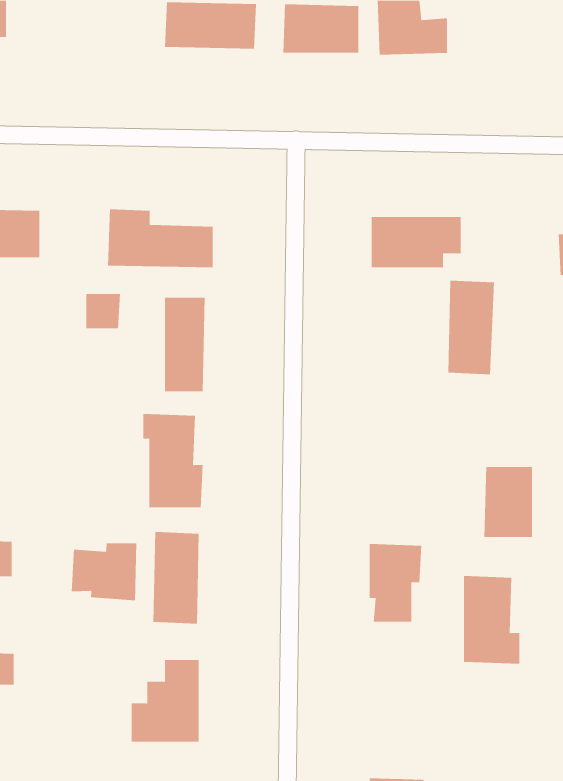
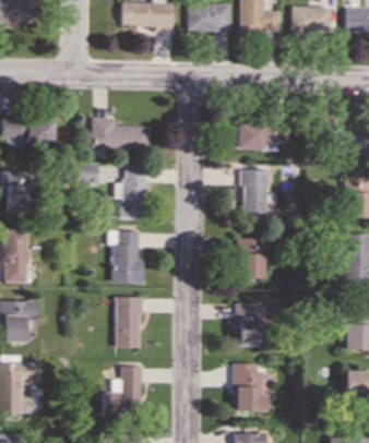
building: none -> [291,7,332,34]
building: [447,280,495,375] -> [241,169,267,222]
building: [484,467,533,537] -> [237,238,264,277]
building: [71,542,137,601] -> none
building: [463,576,520,664] -> [235,362,266,411]

